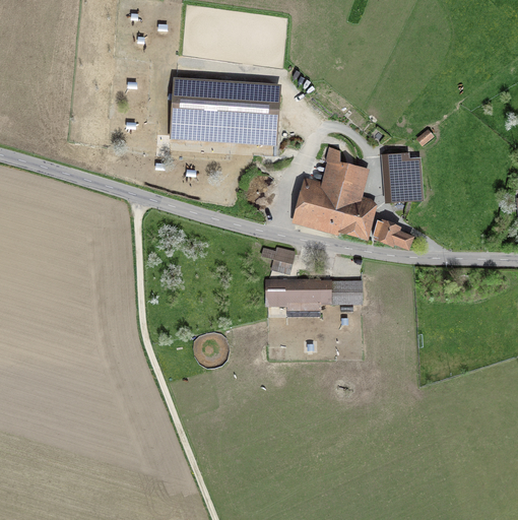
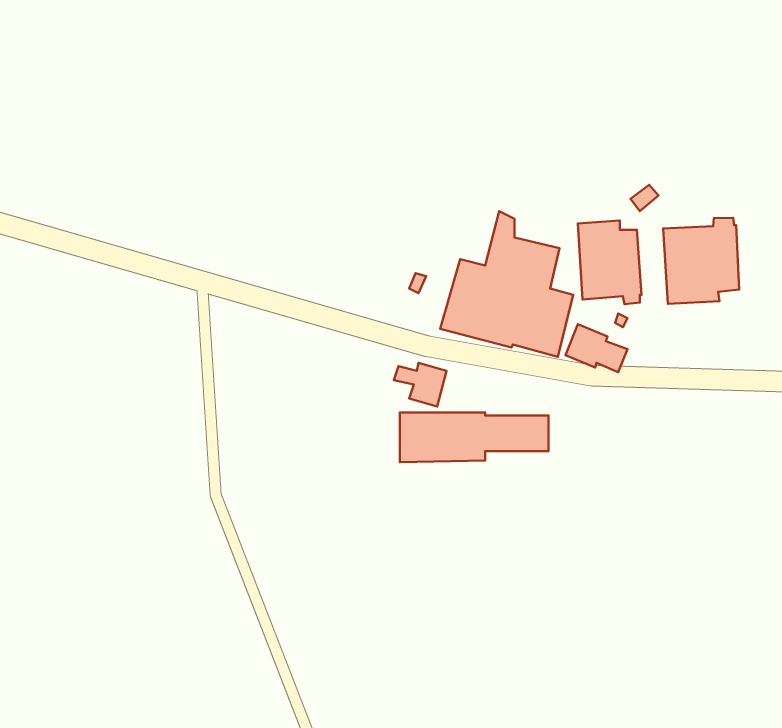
building: [170,78,280,145] -> none
building: none -> [663,218,739,304]

